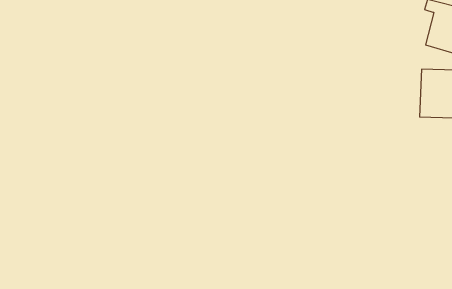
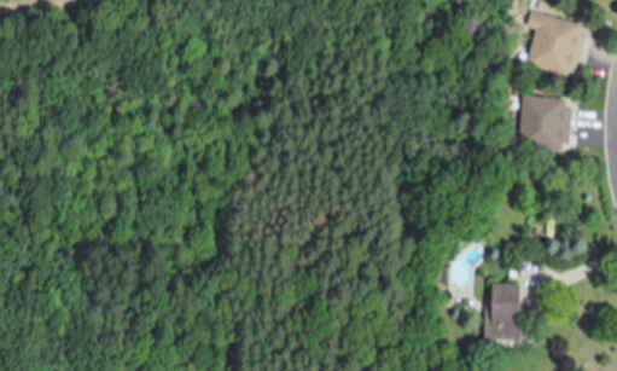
building: none -> [485,279,518,340]

